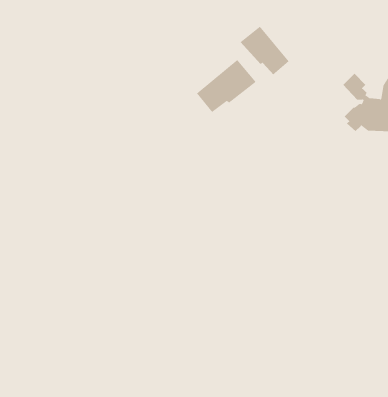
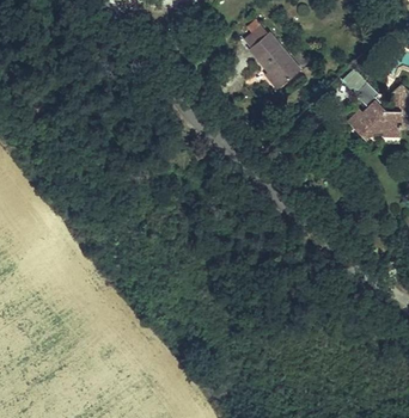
building: [196,59,257,113] -> none

